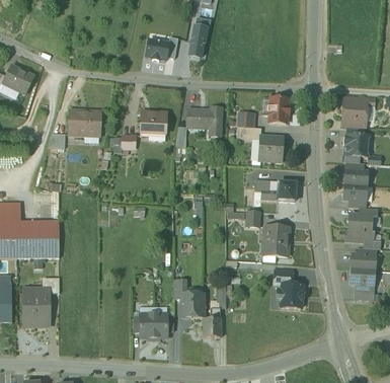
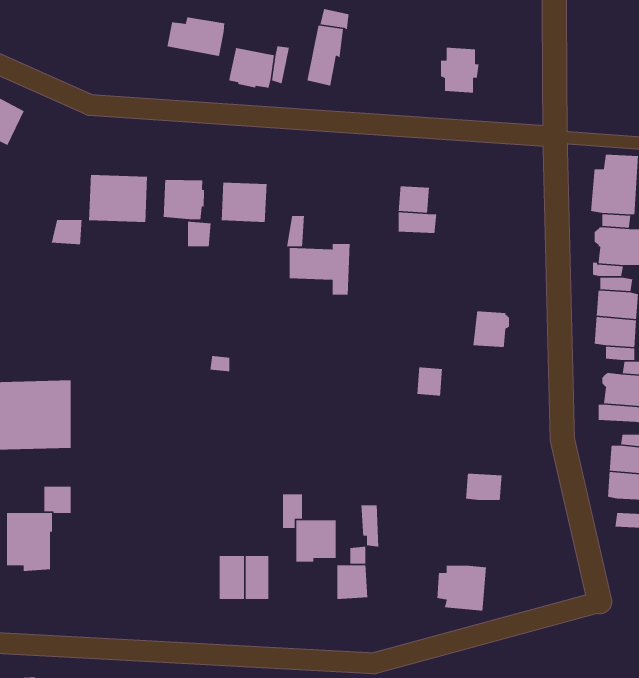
building: none -> [167,16,225,57]
building: [267,97,289,123] -> [440,47,479,93]
building: [187,106,221,135] -> [289,243,351,296]
building: none -> [163,179,205,220]
building: [258,136,283,161] -> none
building: [254,179,279,200] -> none
building: [263,226,289,256] -> none
building: [276,284,303,309] -> [436,565,487,612]

